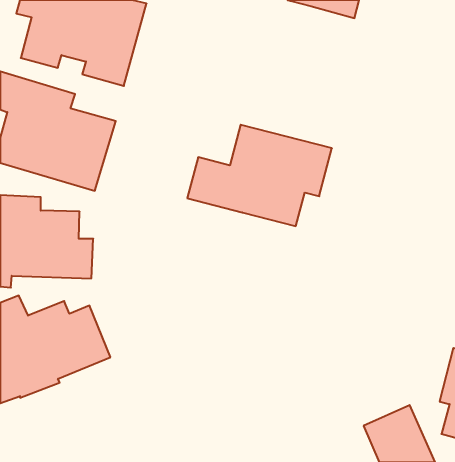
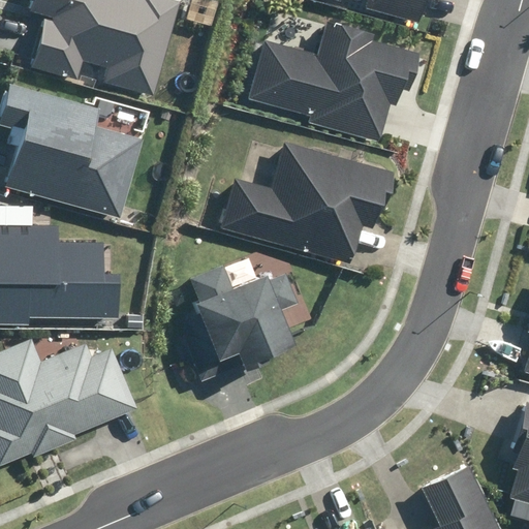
building: none -> [251,26,415,141]
building: none -> [186,252,320,363]

